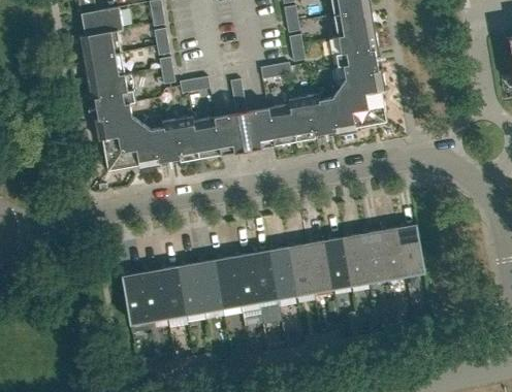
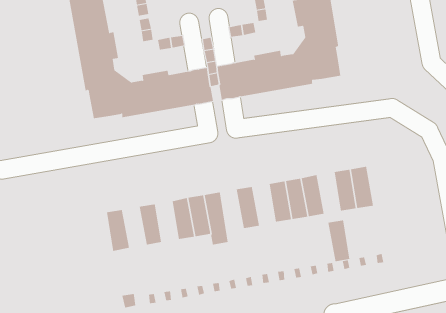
building: [360,230,386,277] -> [327,220,350,262]
building: [287,243,313,291] -> none
building: [251,250,280,309] -> none
building: [178,263,203,309] -> none
building: [140,269,167,316] -> none

